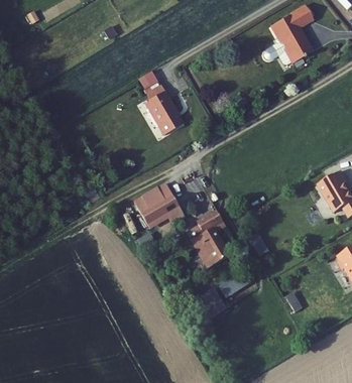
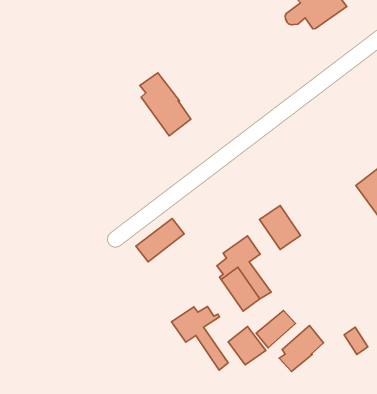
building: none -> [260,206,301,249]
building: none -> [172,307,228,370]
building: none -> [279,326,324,372]

